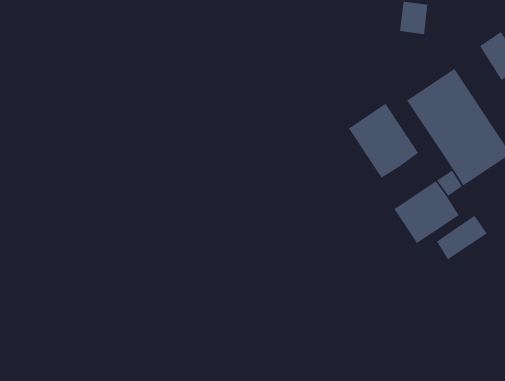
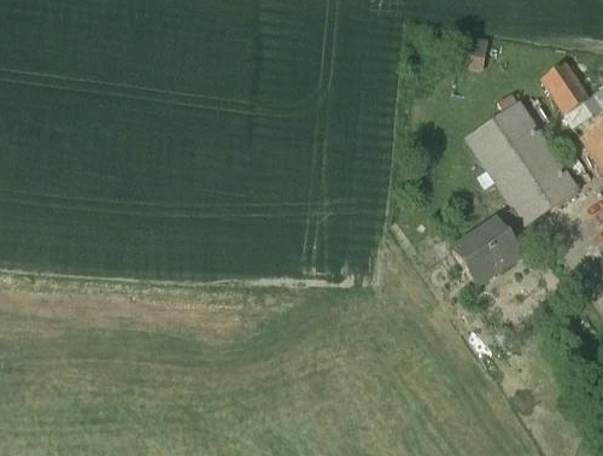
building: [348,103,419,178] -> none
building: [436,215,487,260] -> none

